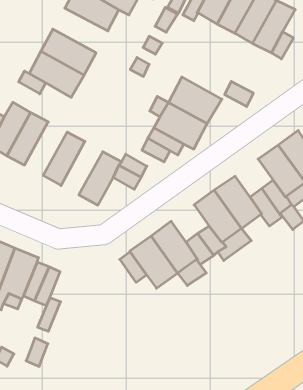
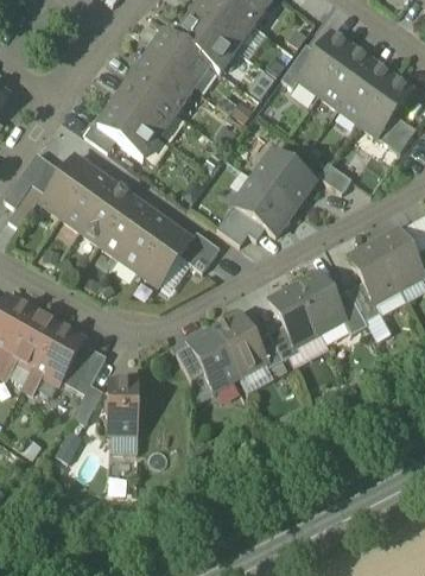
building: none -> [131,55,194,110]
building: none -> [80,183,133,243]
building: none -> [119,210,171,271]
building: none -> [106,378,138,451]

